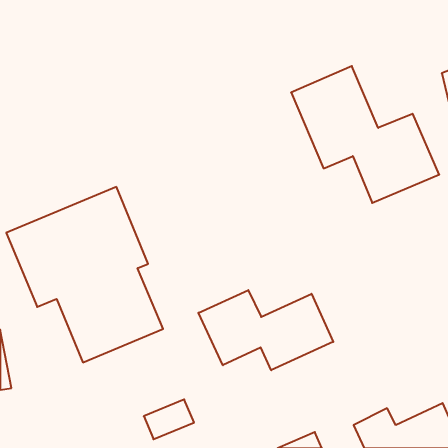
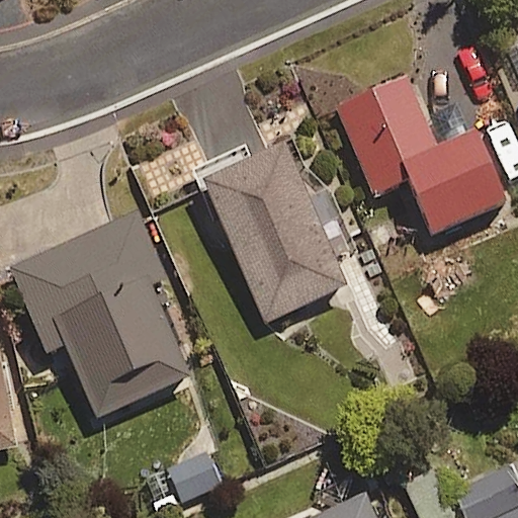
building: none -> [202,144,347,321]
building: [198,290,333,370] -> none

